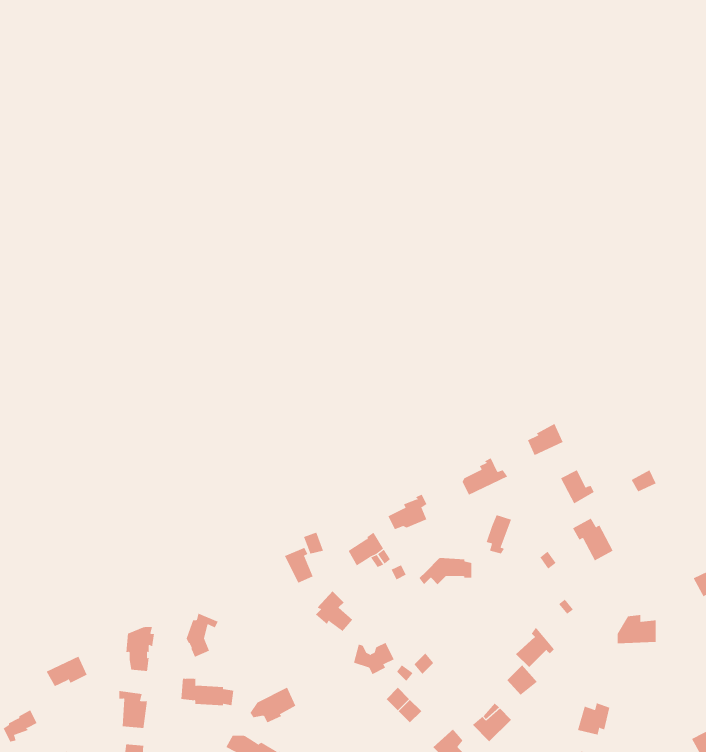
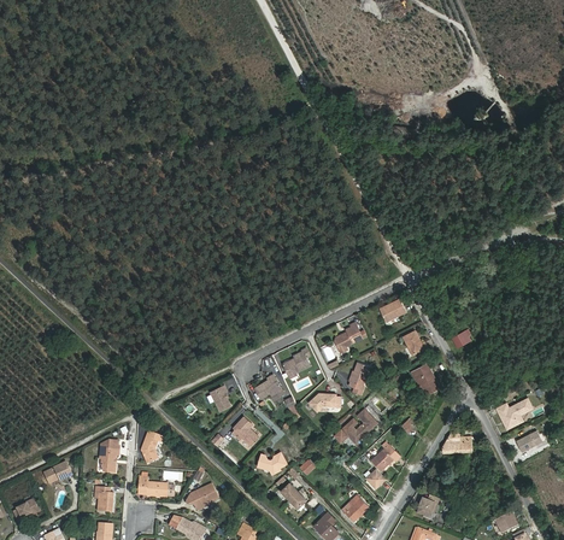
building: none -> [335,409,374,444]

